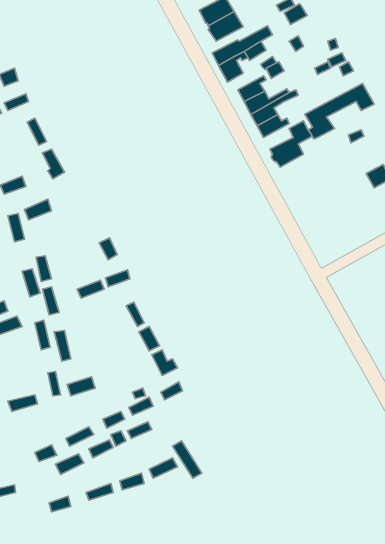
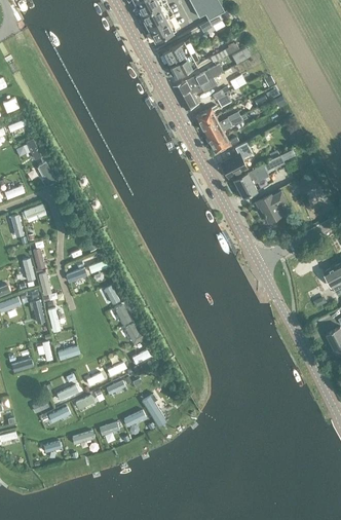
building: [305,83,374,139] -> [232,154,288,198]
building: none -> [256,190,286,222]

